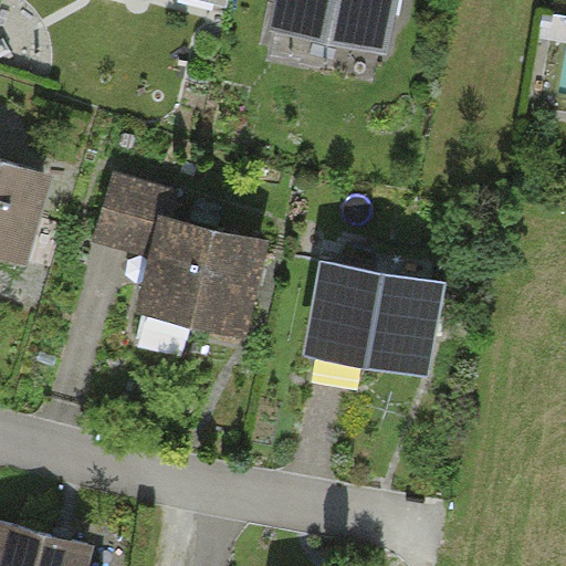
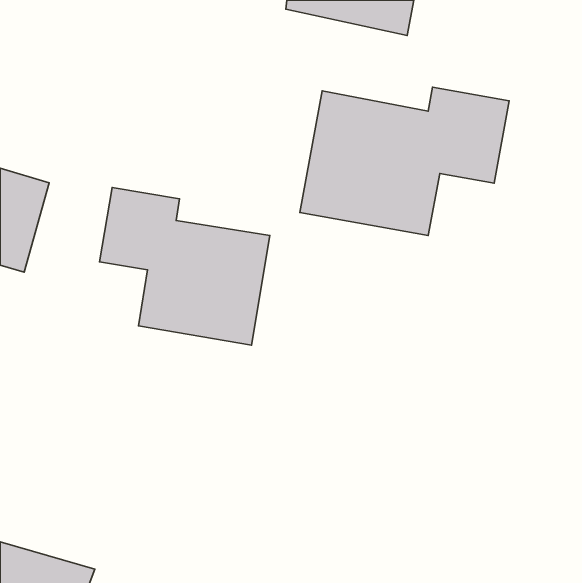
building: none -> [300,87,509,235]
building: [302,263,441,377] -> none

